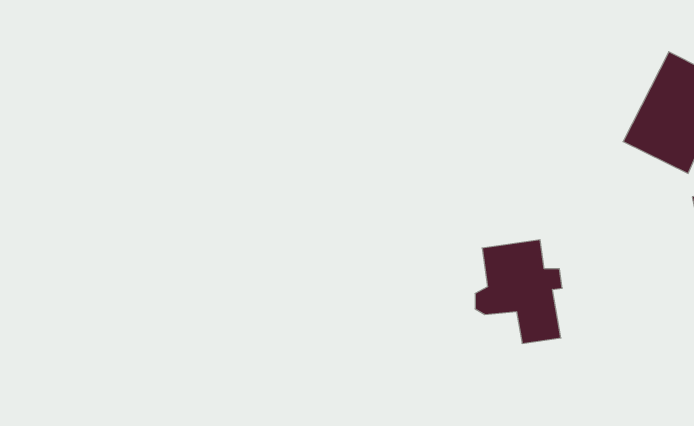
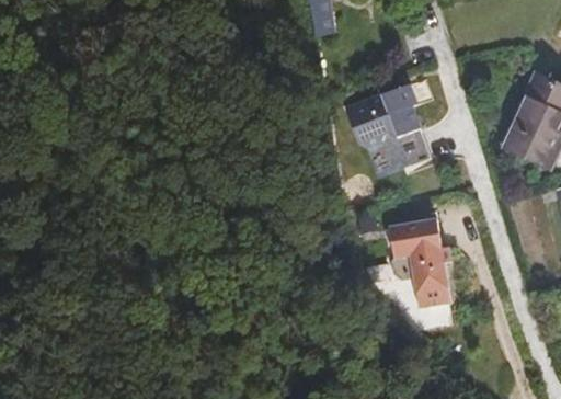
building: none -> [348,83,434,175]

